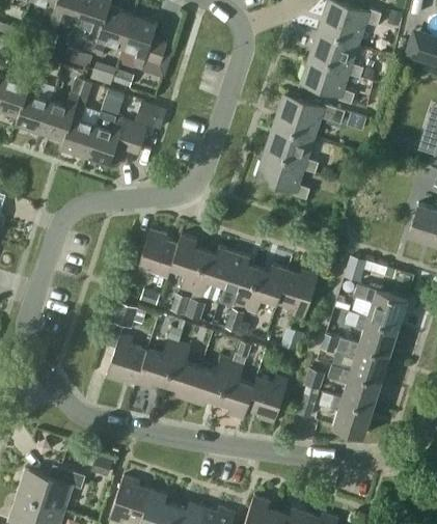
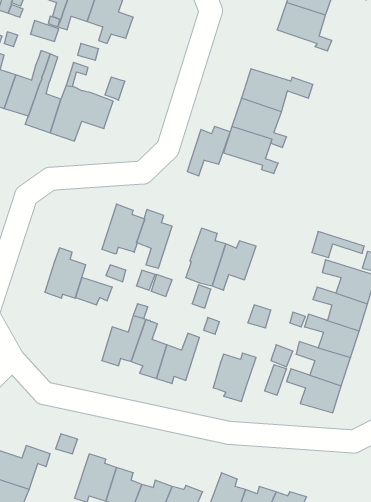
building: [301,56,354,103] -> none
building: [192,247,235,296] -> [187,126,230,176]
building: [277,270,319,319] -> none
building: [106,333,146,383] -> [45,248,86,298]
building: [219,360,253,418] -> none

